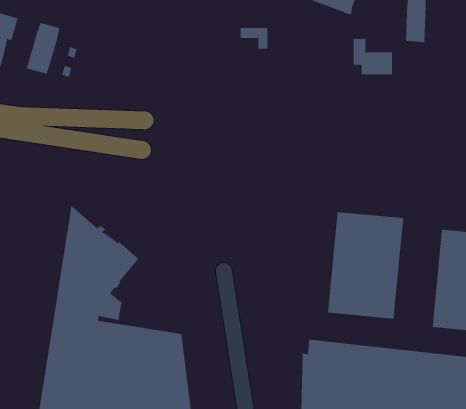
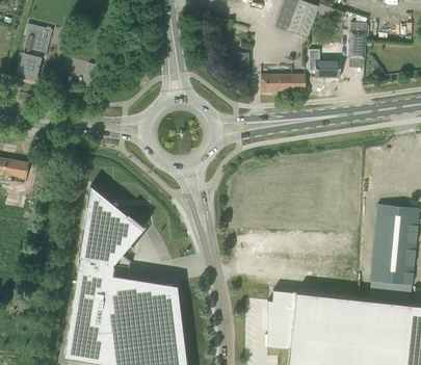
building: [26,22,60,74] -> none
building: none -> [261,75,305,94]
building: [327,211,404,319] -> none

